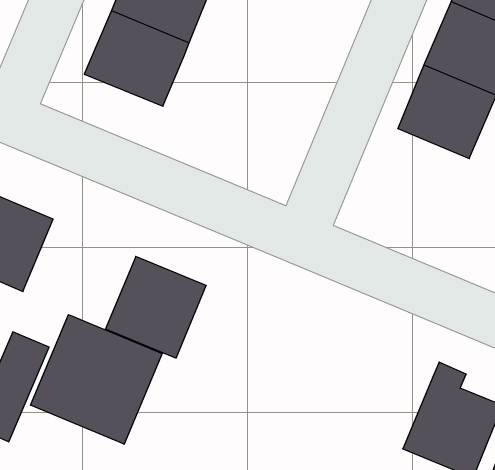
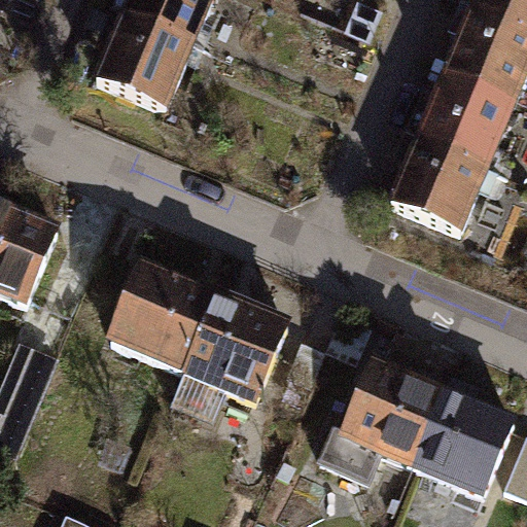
building: none -> [383,136,483,232]
building: none -> [183,296,286,400]
building: [31,315,162,444] -> none
building: none -> [324,359,446,475]

